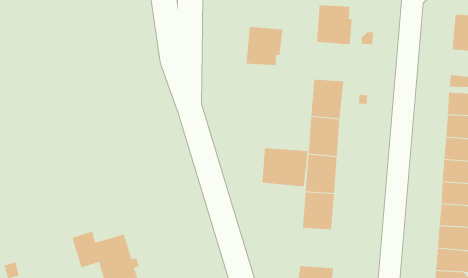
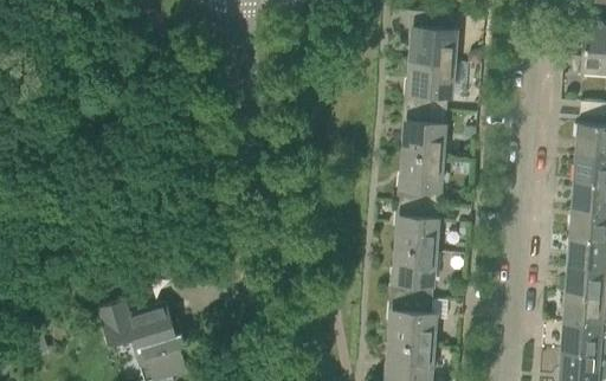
building: [246,26,283,66] -> [406,63,453,112]
building: [262,148,308,187] -> none
building: none -> [388,299,434,350]

